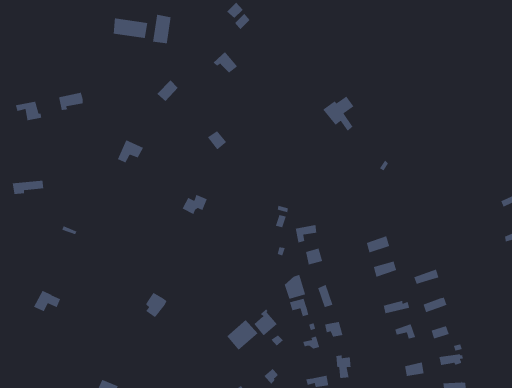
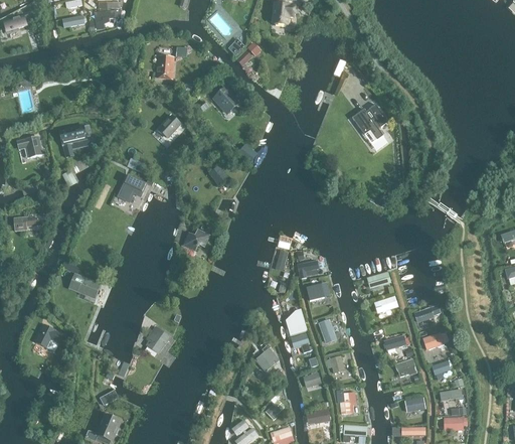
building: [113,18,148,39] -> none
building: [322,95,355,132] -> [351,104,383,140]
building: none -> [69,274,101,298]
building: [226,319,259,351] -> none

